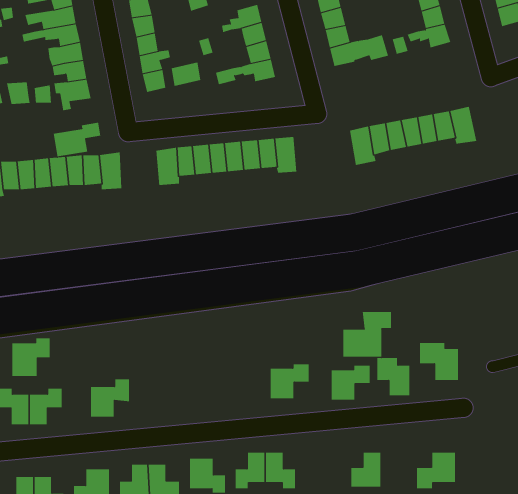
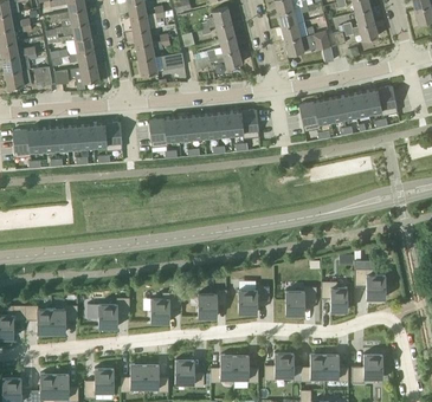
building: [53,122,101,157] -> none
building: [343,311,391,358] -> none
building: [12,338,50,377] -> none
building: none -> [198,290,226,317]
building: none -> [150,292,181,323]
building: none -> [265,352,294,381]
building: none -> [324,355,348,382]

